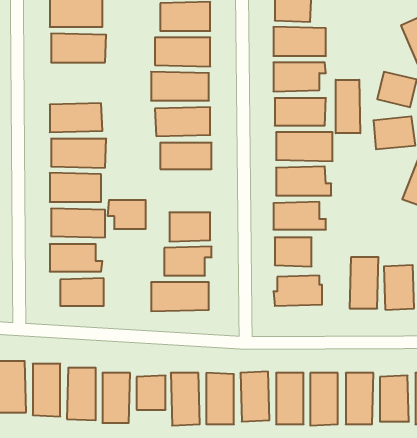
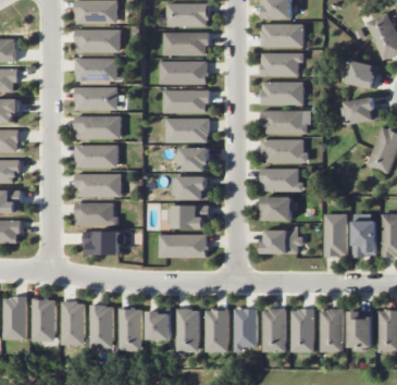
building: none -> [76,58,120,82]
building: [336,80,360,133] -> none
building: [108,200,146,229] -> [177,147,209,171]

